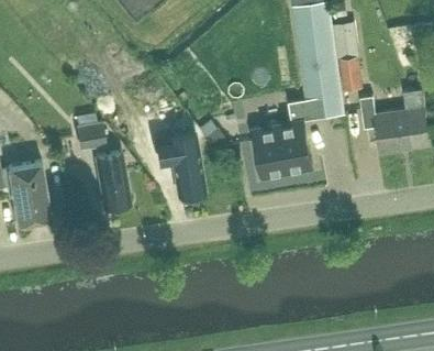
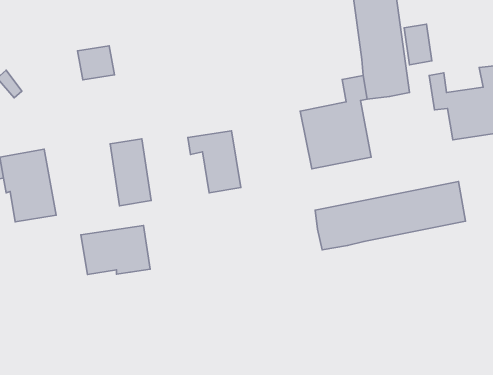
building: [75,122,105,151] -> [78,46,114,80]
building: none -> [315,182,466,250]
building: none -> [81,225,150,274]

